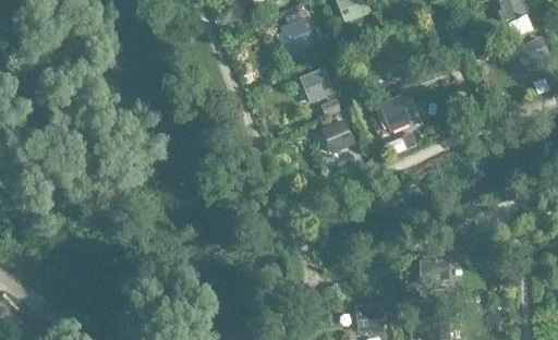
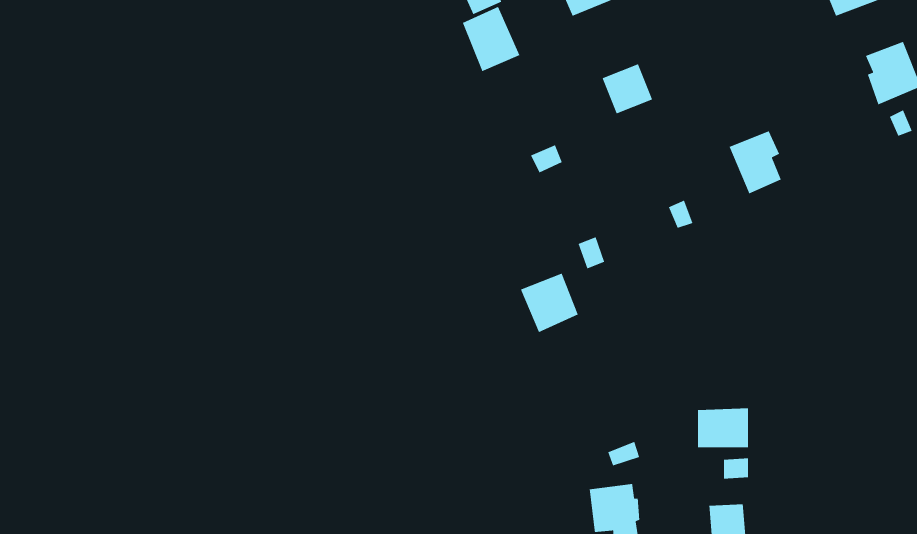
building: [300,66,335,102] -> none
building: [379,94,411,132] -> [729,130,782,195]
building: [320,118,355,154] -> [520,272,579,333]

